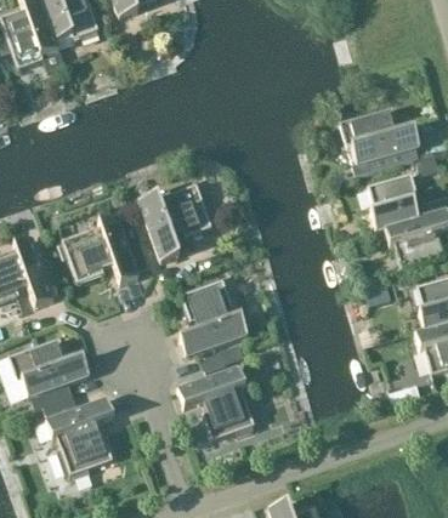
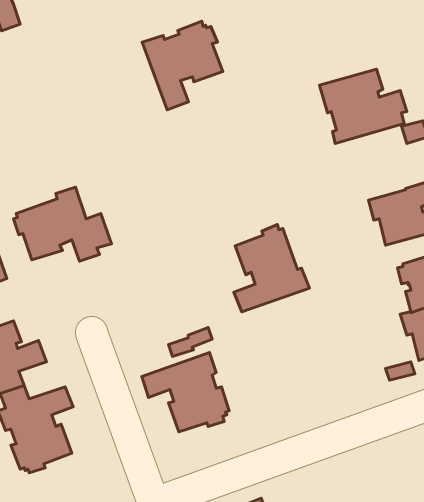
building: [368,172,419,229] -> none
building: [137,180,211,261] -> [142,21,223,110]
building: [178,275,248,355] -> [234,224,309,312]

